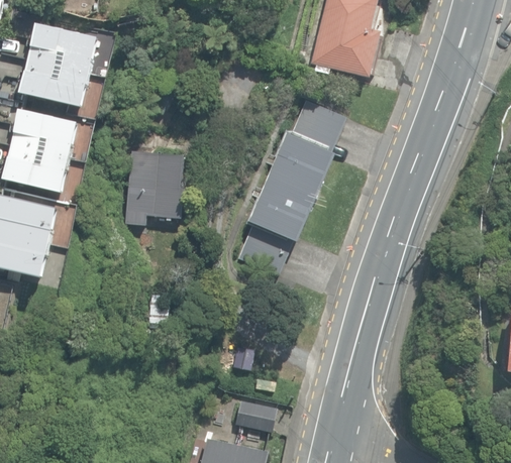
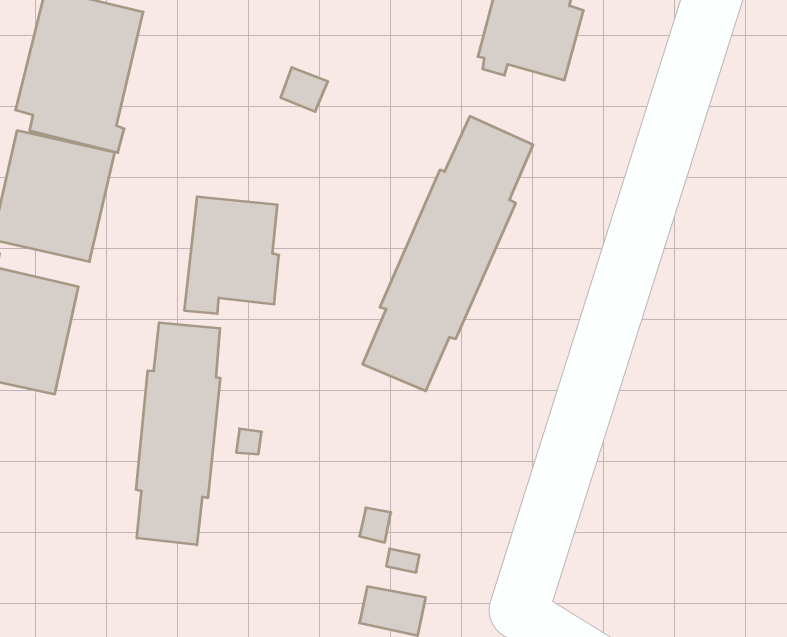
building: none -> [136,323,220,545]

